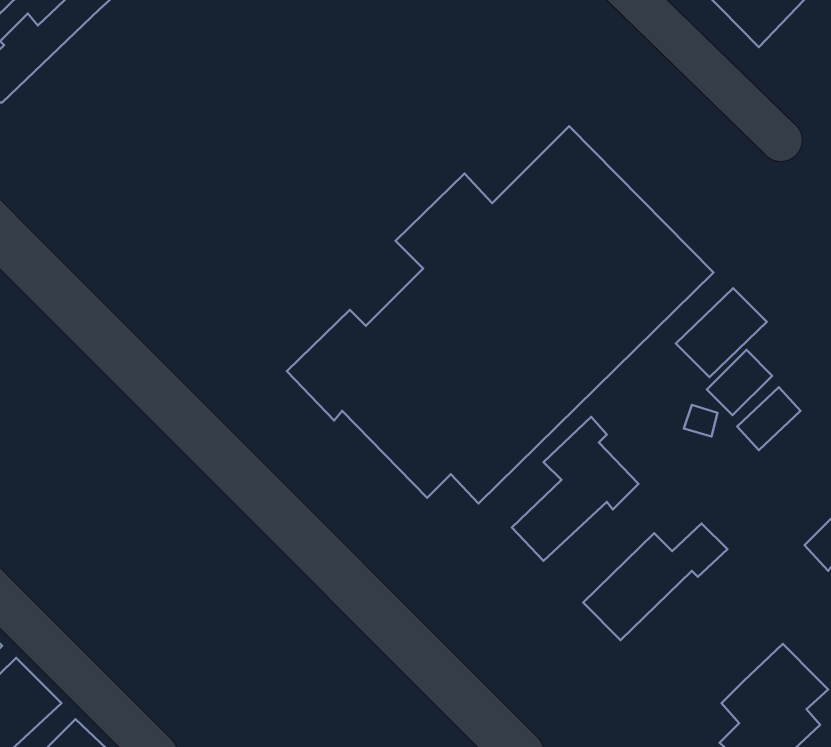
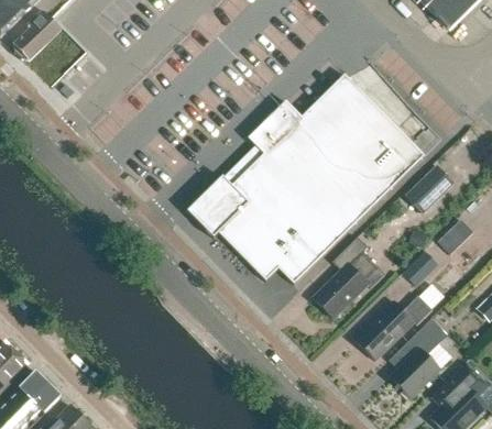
building: [707,350,772,415] -> [402,250,438,286]
building: none -> [389,326,437,397]

